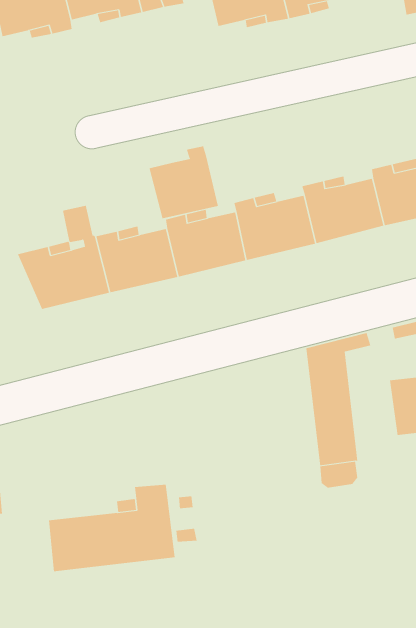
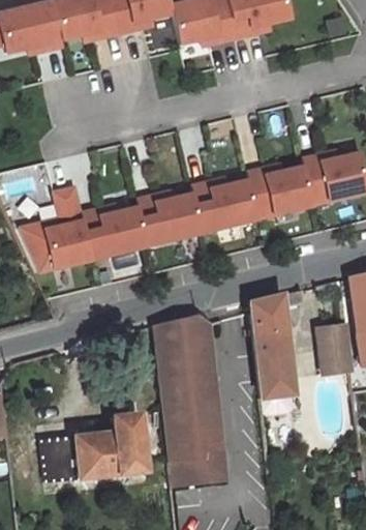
building: [149,145,219,219] -> none
building: none -> [154,315,225,485]

